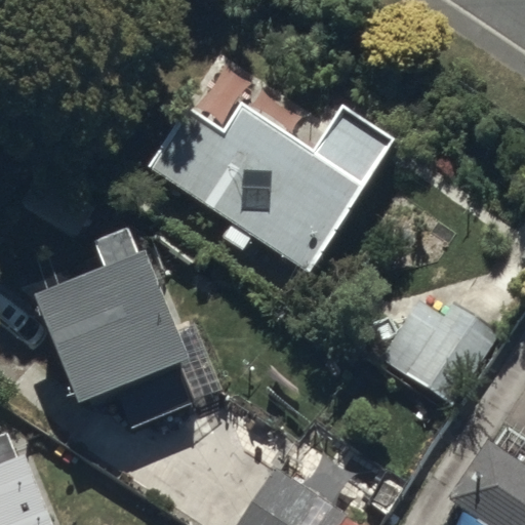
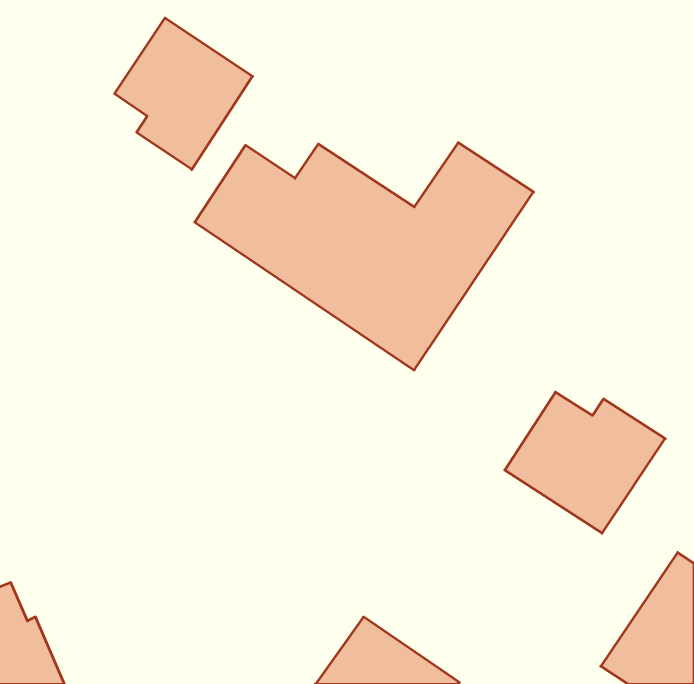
building: none -> [115,18,253,170]
building: [36,234,192,410] -> none

